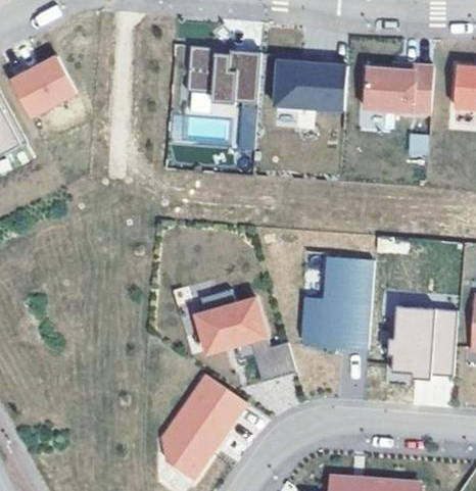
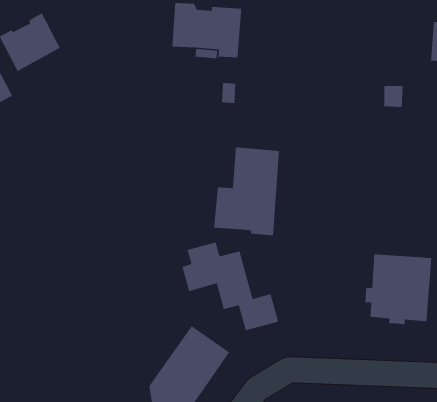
building: [271,55,344,110] -> none
building: [362,64,431,112] -> none
building: [306,259,375,351] -> [213,147,280,236]

